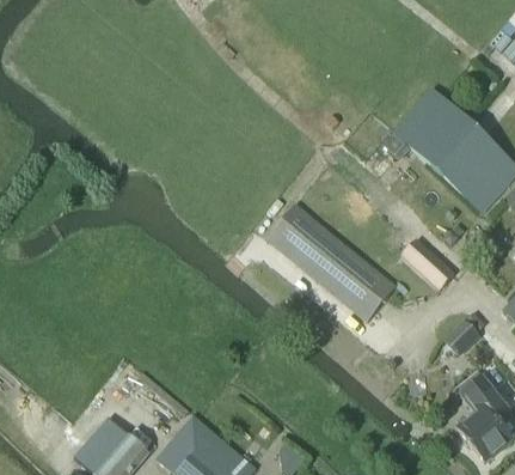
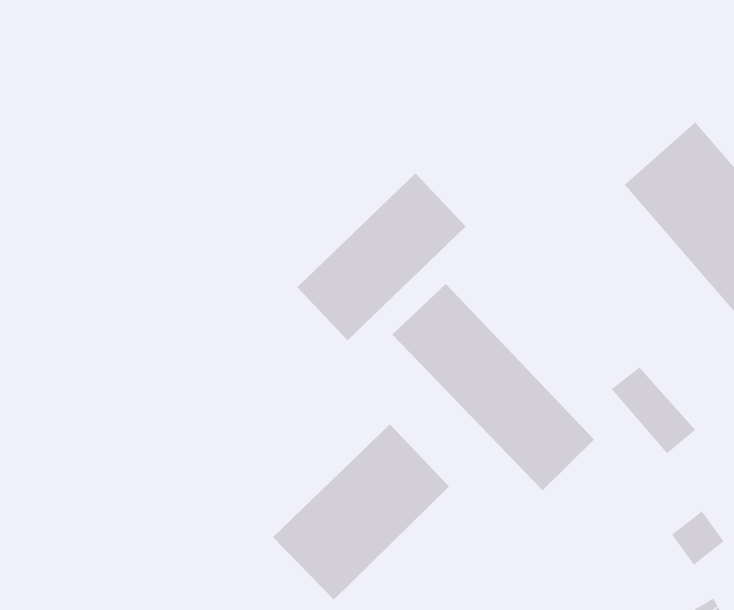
building: none -> [296,172,466,341]
building: none -> [272,423,450,600]

